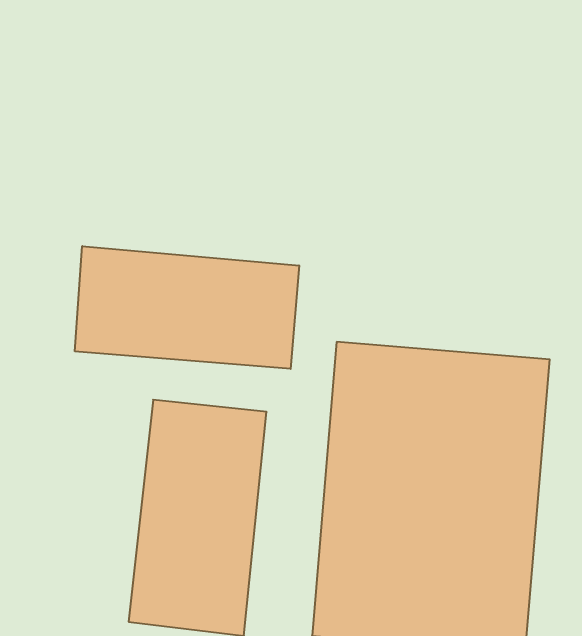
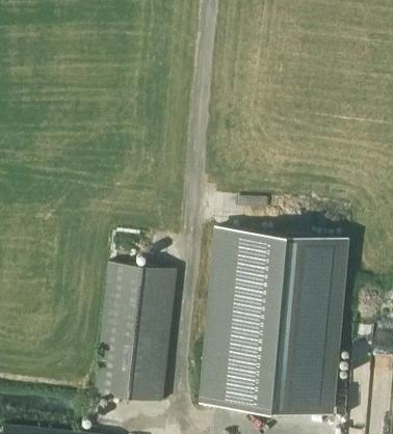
building: [75,246,299,369] -> none

